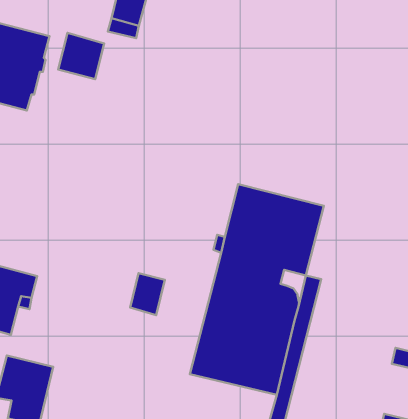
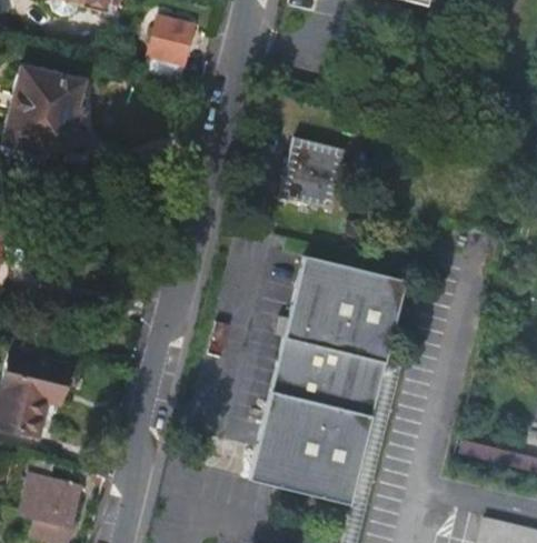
building: [58,33,104,79] -> none
building: none -> [280,134,347,205]
building: [130,273,165,315] -> none

